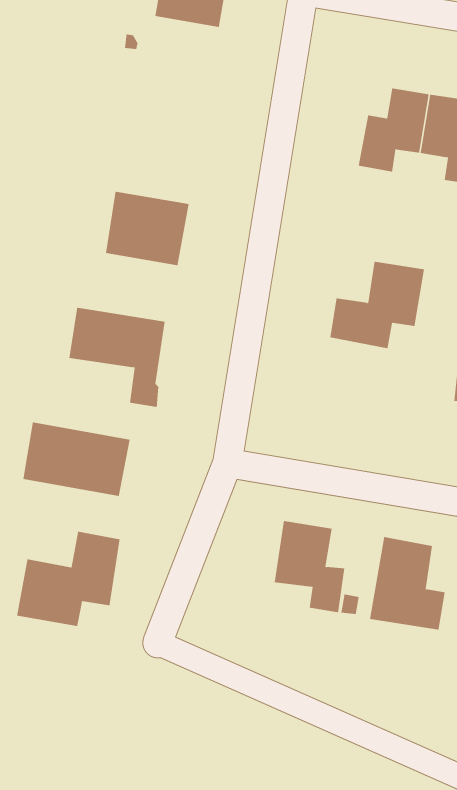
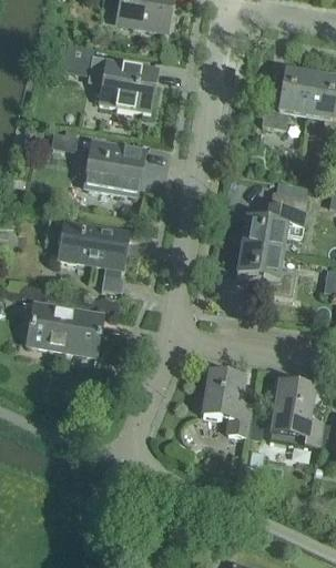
building: none -> [64,43,157,110]
building: none -> [236,243,295,295]
building: [16,531,120,627] -> none

